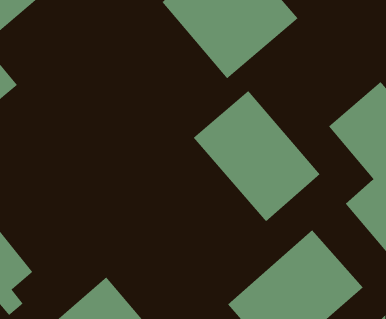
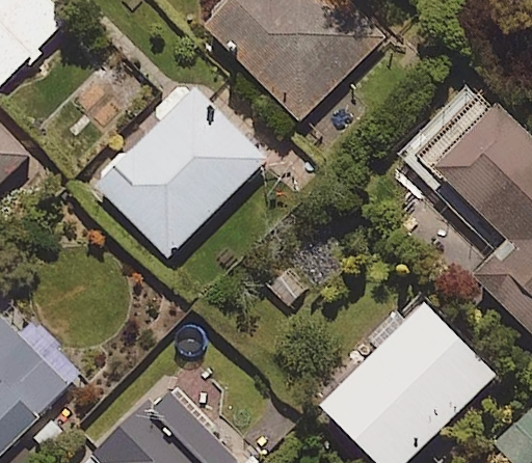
building: none -> [89,82,263,255]
building: [193,90,321,222] -> none

